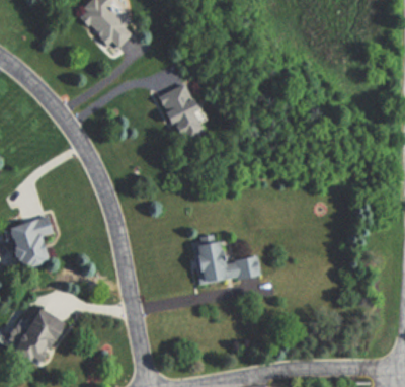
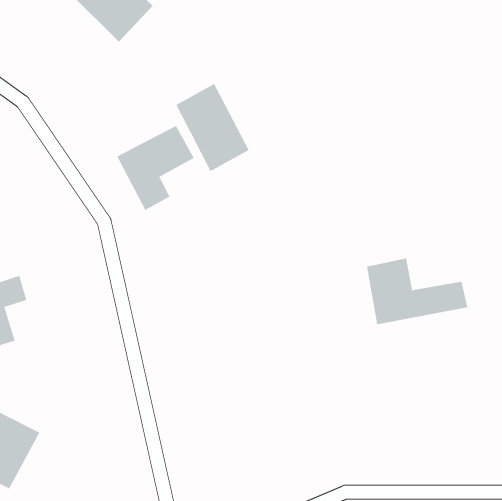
building: none -> [116,125,194,211]
building: [190,239,261,286] -> [366,258,468,325]

